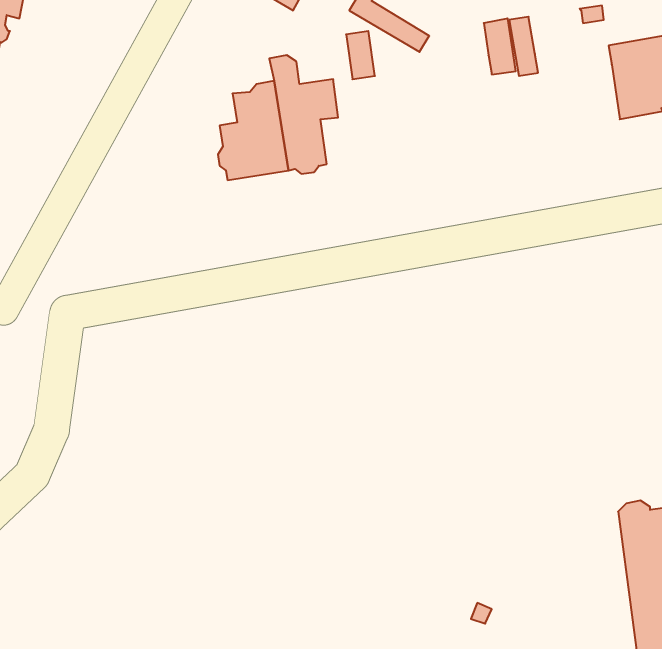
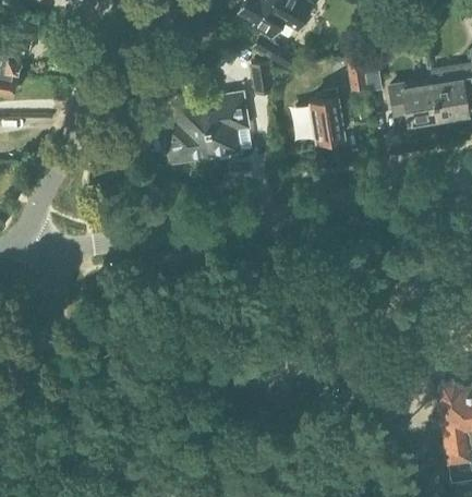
building: none -> [391,86,438,129]
building: none -> [296,89,344,142]

